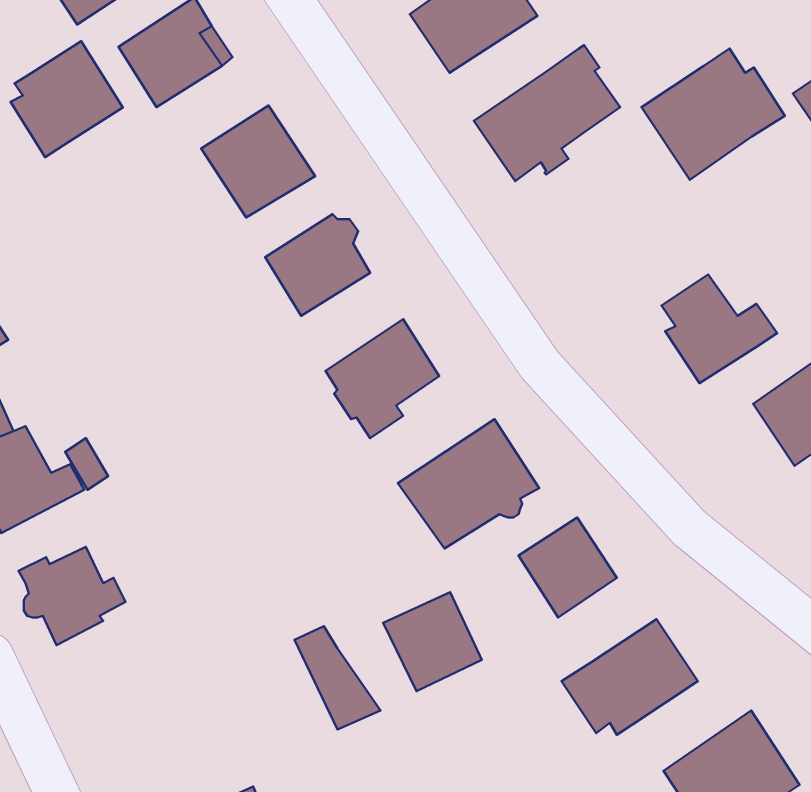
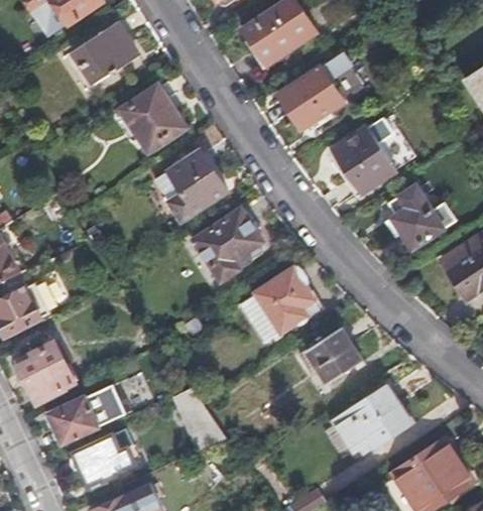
building: [10,41,123,157] -> none
building: [642,49,785,180] -> [331,117,414,194]
building: [383,592,482,691] -> none
building: none -> [48,383,128,441]
building: none -> [69,428,138,483]

